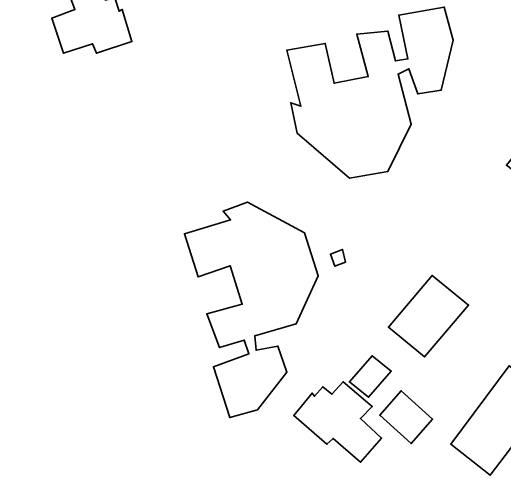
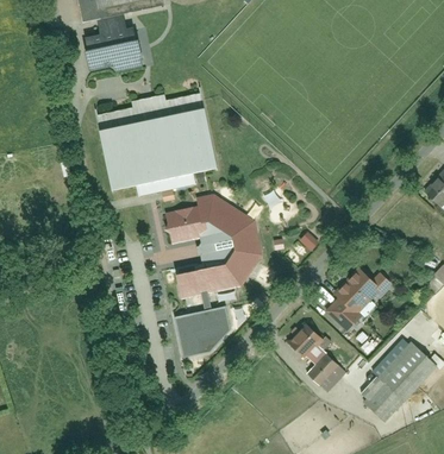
building: [287,7,453,178] -> none
building: none -> [94,93,215,196]
building: [294,382,381,462] -> none

